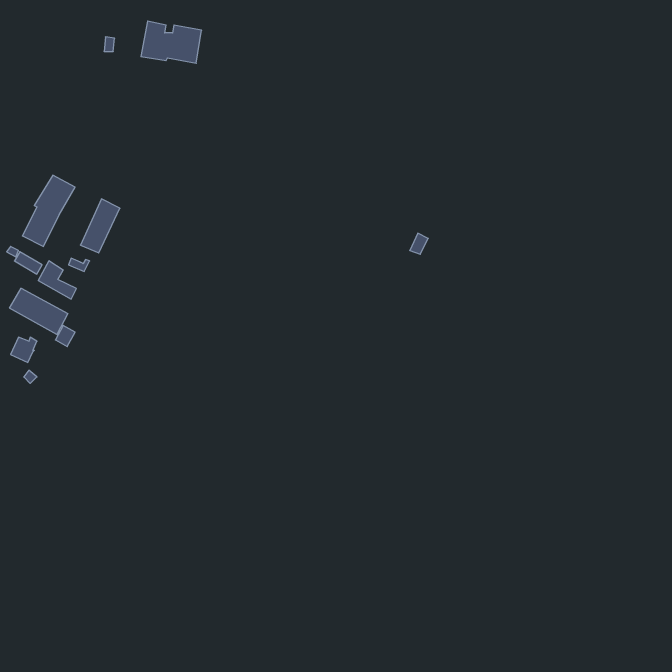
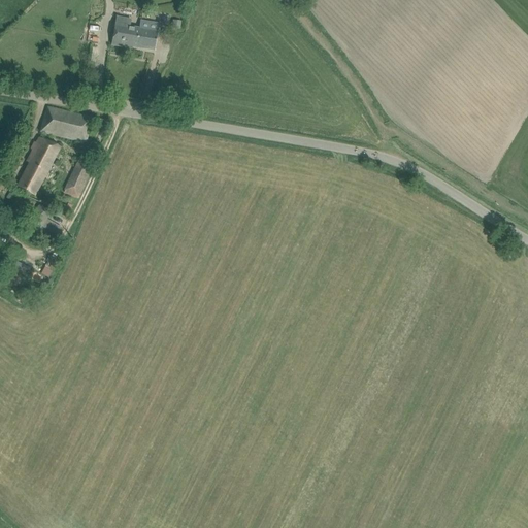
building: none -> [39,106,91,141]
building: [10,288,68,335] -> none

